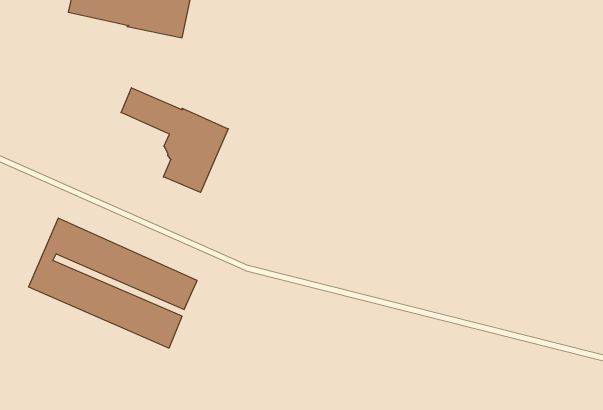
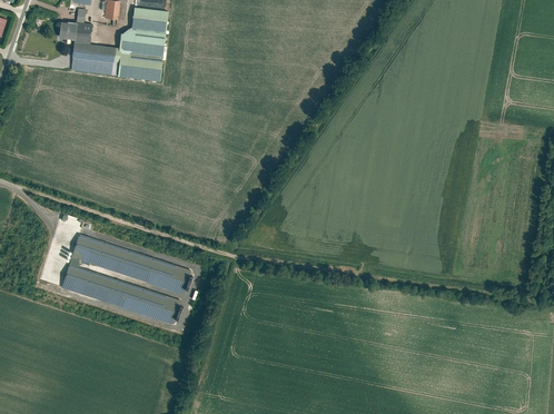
building: [121,88,228,192] -> none

